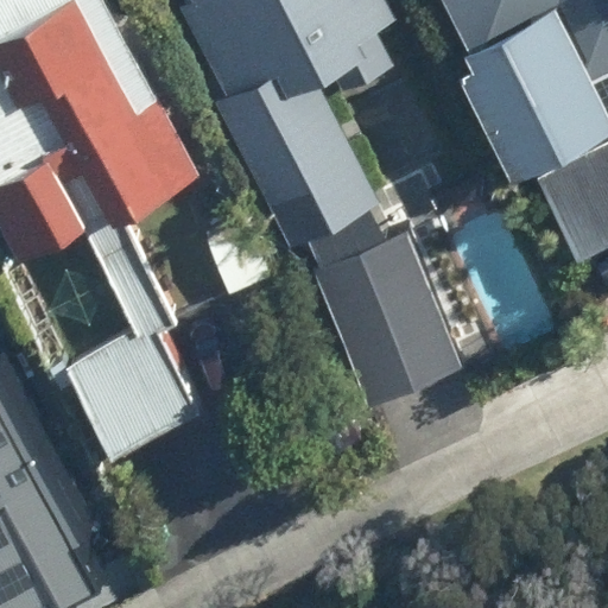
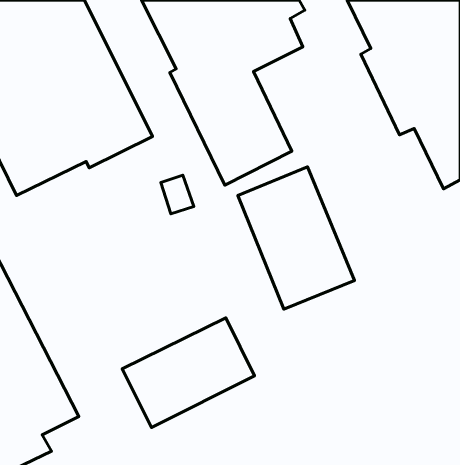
building: [66,323,198,457] -> none
building: none -> [122,318,254,427]

